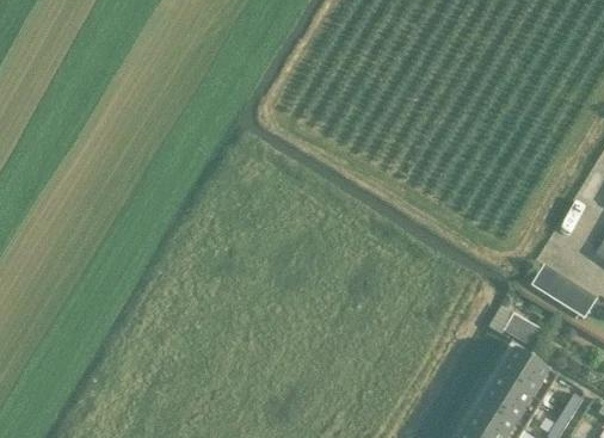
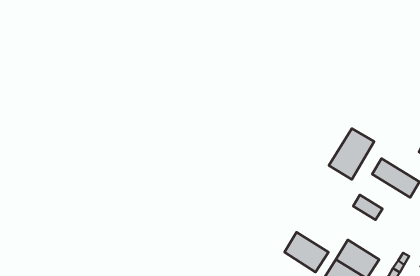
building: none -> [329,128,374,180]
building: [497,348,557,403] -> [284,232,328,272]

